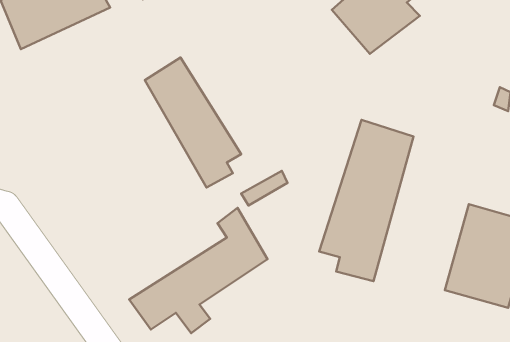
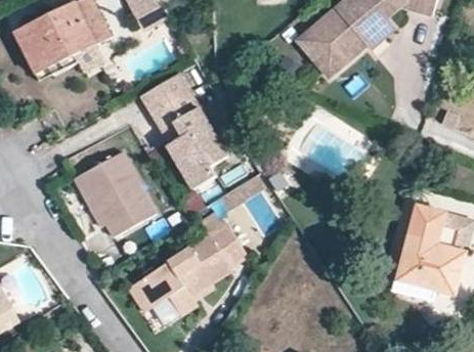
building: [319,120,413,281] -> none
building: none -> [77,153,155,237]

